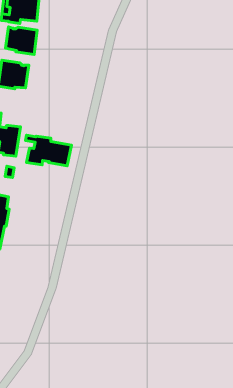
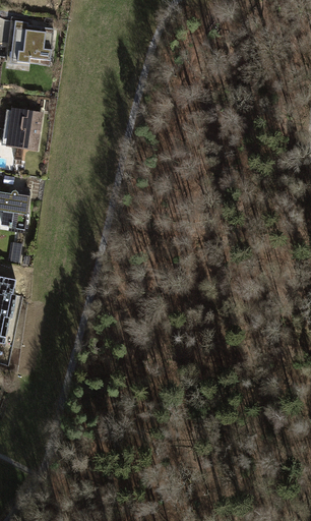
building: [5,27,37,54] -> none
building: [26,135,72,166] -> none

